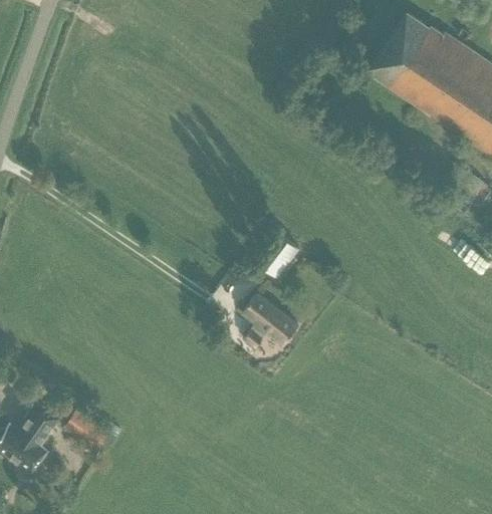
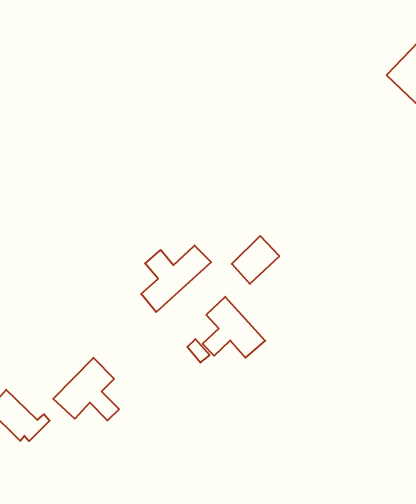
building: none -> [141,245,211,312]
building: none -> [53,358,119,421]

